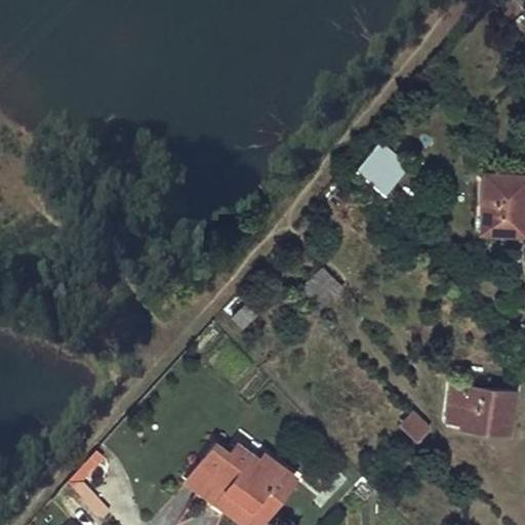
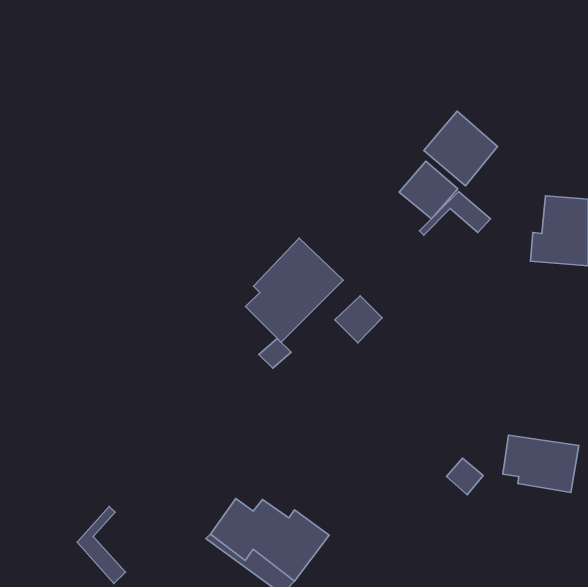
building: none -> [424,111,498,186]
building: none -> [420,191,491,235]
building: none -> [246,238,343,342]

